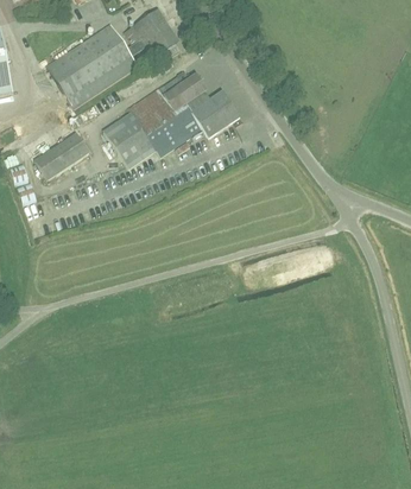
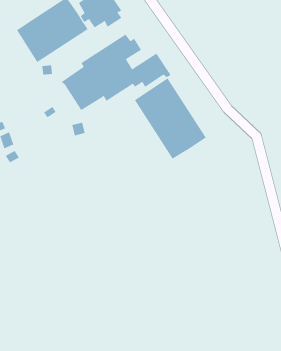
building: none -> [134,77,206,160]
building: [34,132,88,178] -> none

